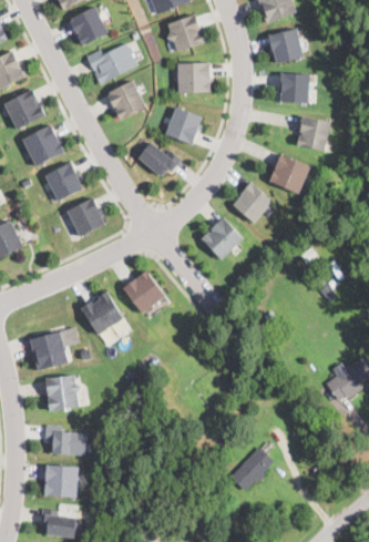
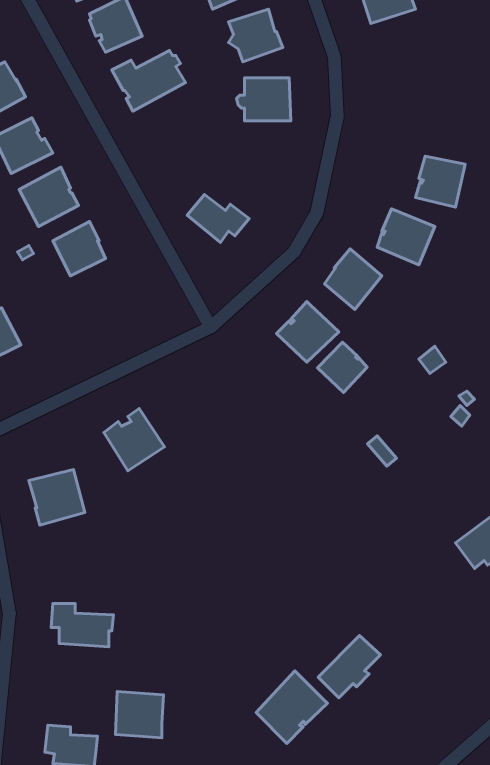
building: [267,28,303,63] -> none
building: [279,71,309,104] -> none
building: [106,79,145,121] -> none
building: [164,105,202,144] -> none
building: [66,198,104,237] -> none
building: none -> [318,342,367,392]
building: [121,269,165,314] -> none
building: [43,376,80,412] -> none
building: [43,467,76,499] -> [116,691,163,738]
building: none -> [256,671,327,744]

